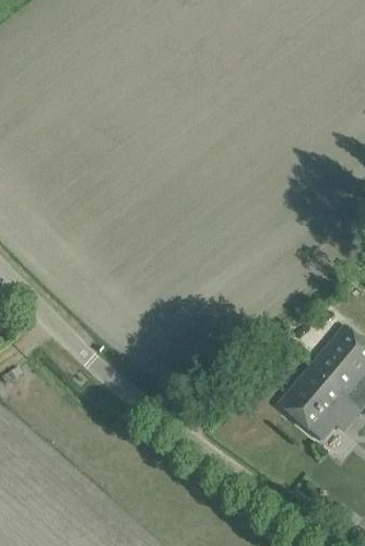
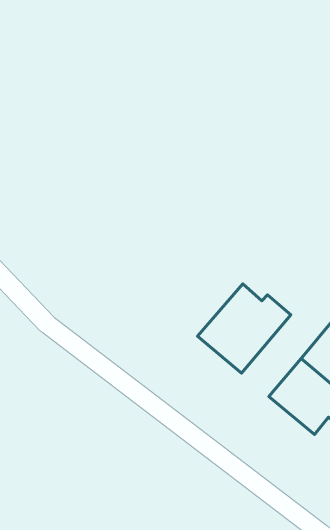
building: none -> [198,284,291,373]

